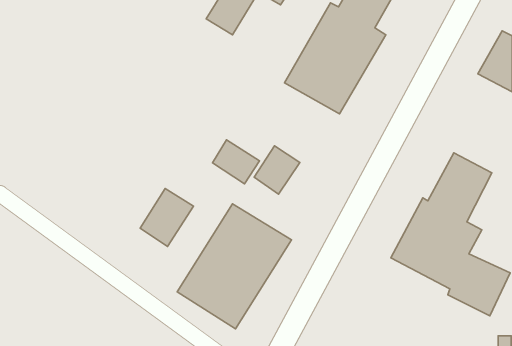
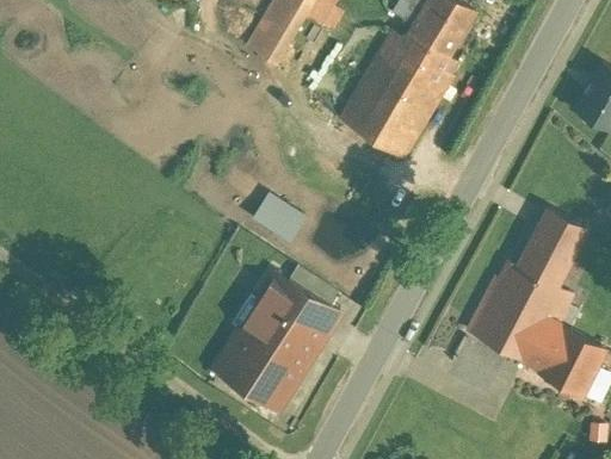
building: [254,146,300,194] -> none
building: [140,188,194,247] -> none

